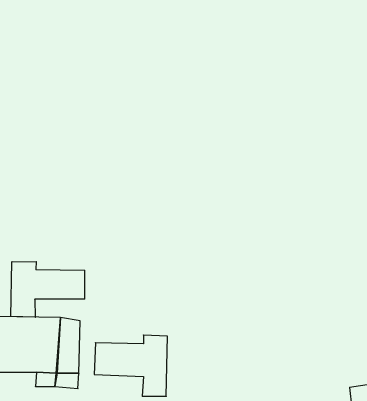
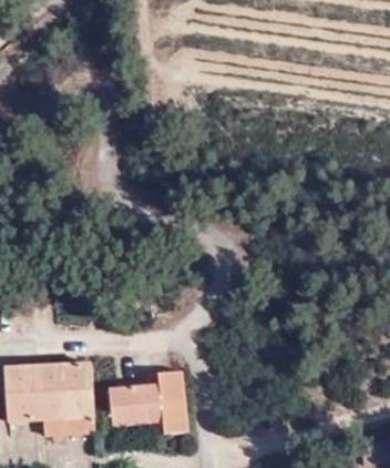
building: [11,262,85,317] -> none

